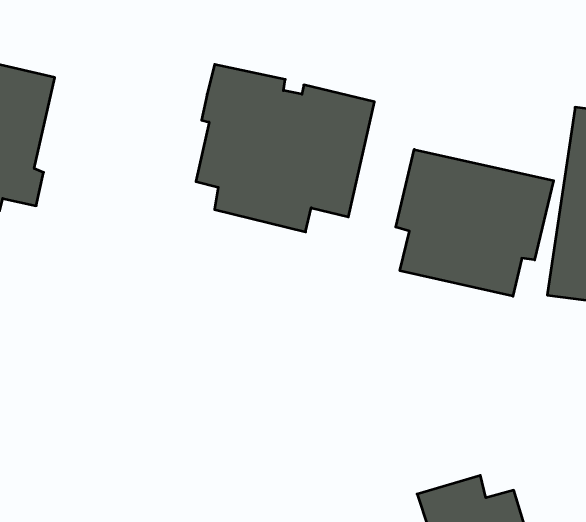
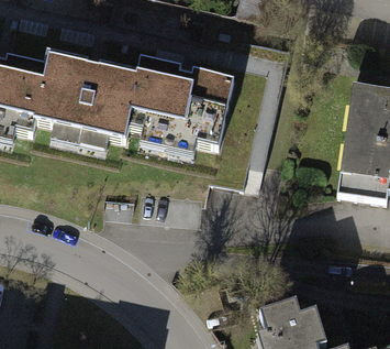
building: none -> [33,51,136,148]
building: [396,149,554,296] -> none

